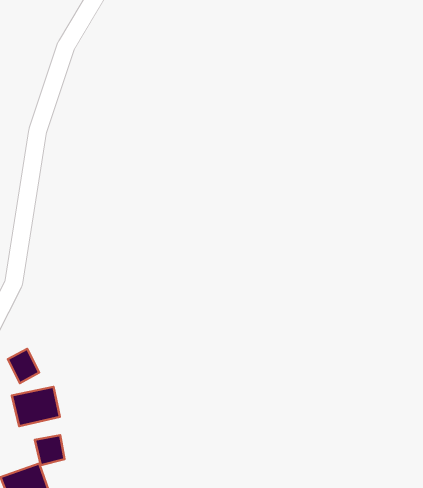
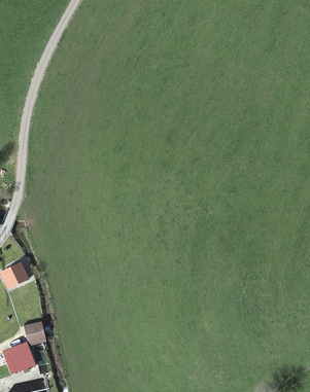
building: [12,387,60,426] -> none

